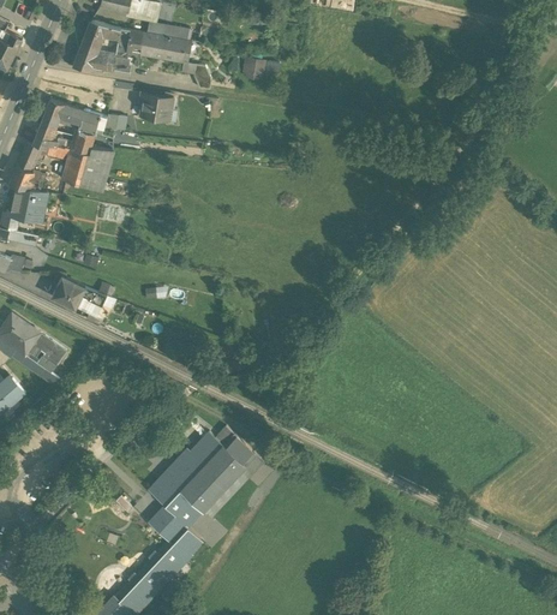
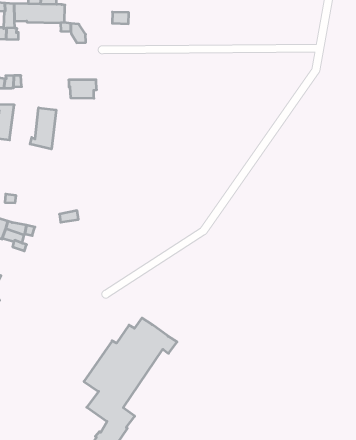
building: [140,92,174,119] -> [69,80,97,98]
building: none -> [30,108,56,149]

